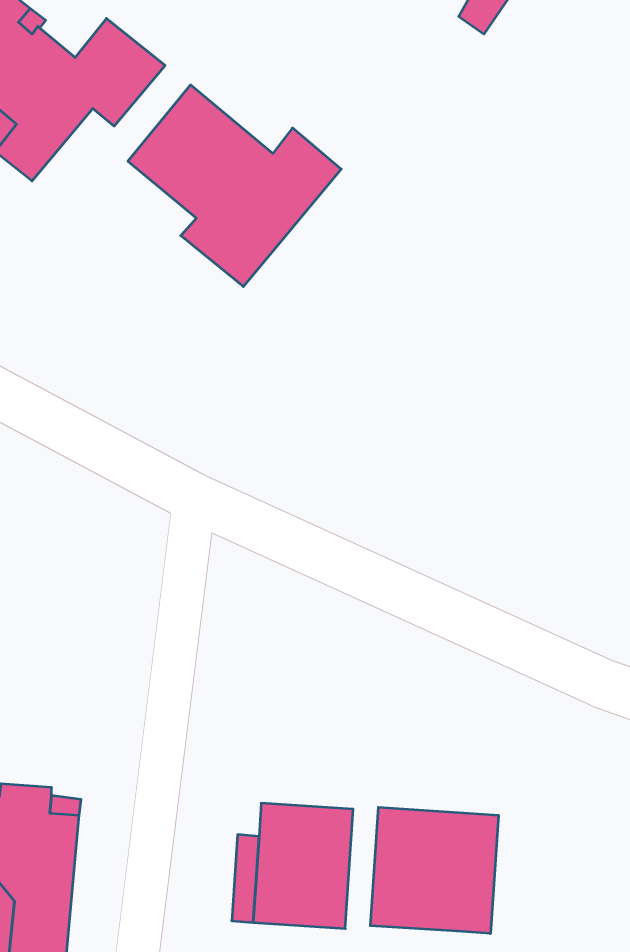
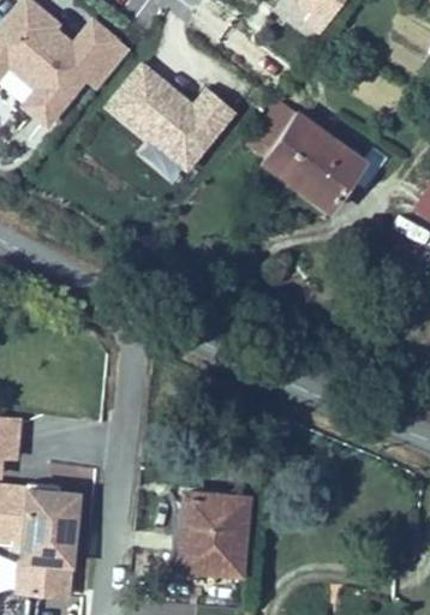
building: none -> [263,108,370,208]
building: [370,807,498,934] -> none

